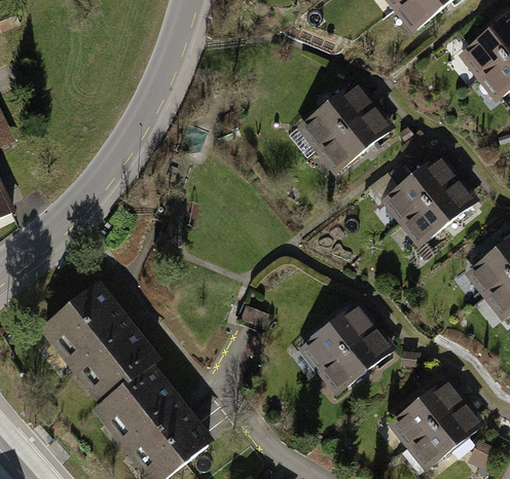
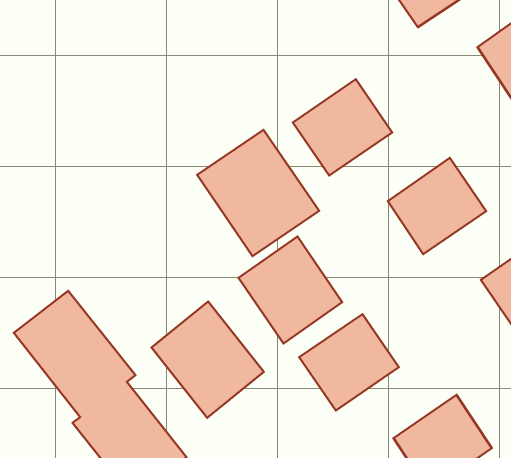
building: none -> [197,130,319,256]
building: none -> [239,237,342,344]
building: none -> [151,301,264,418]

